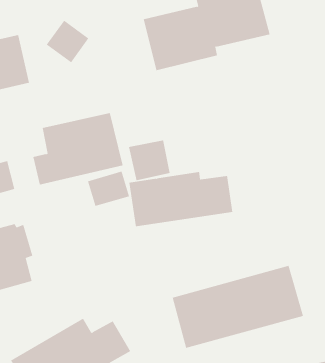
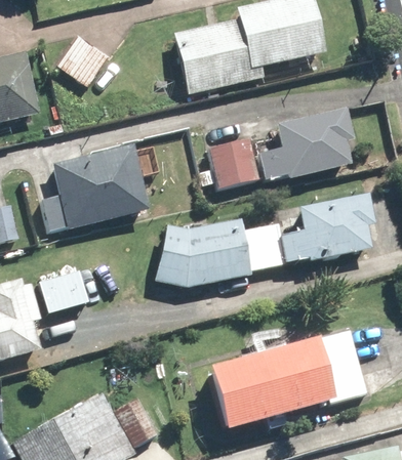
building: none -> [257,109,356,180]
building: [128,140,171,181] -> [206,140,257,190]
building: none -> [276,196,373,266]
building: [87,171,130,207] -> [37,269,88,312]

